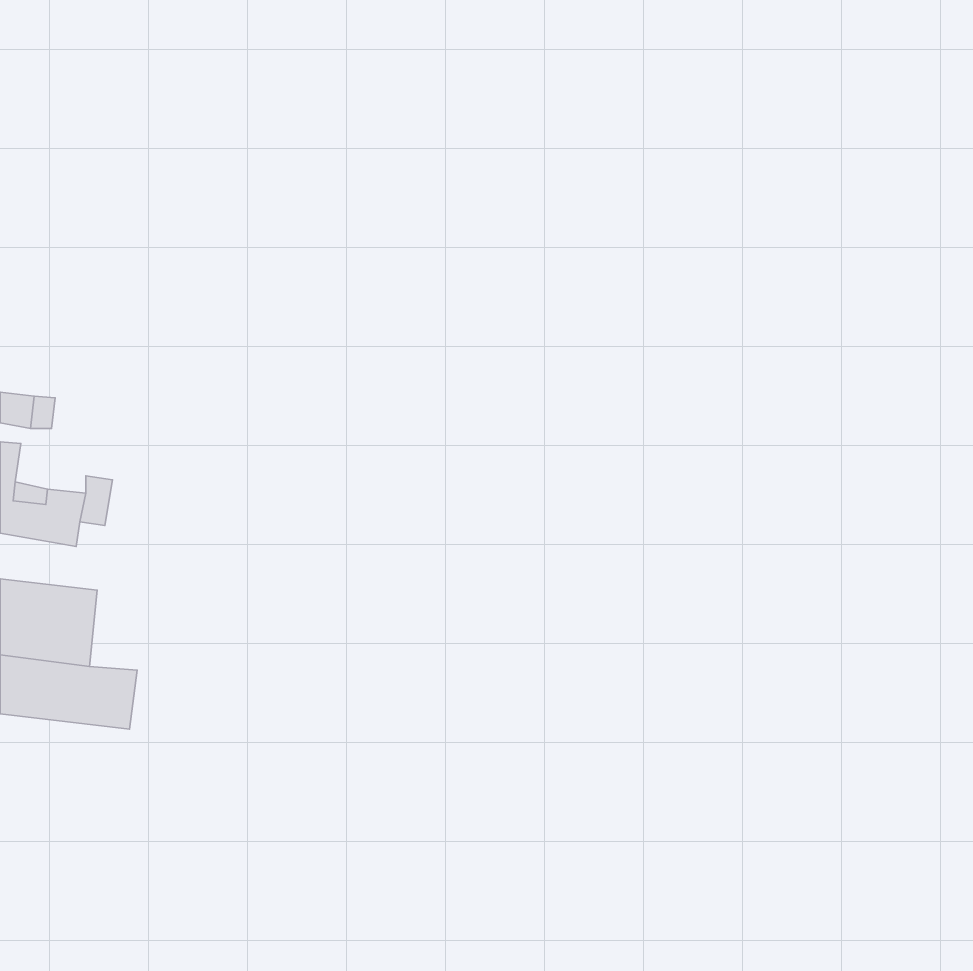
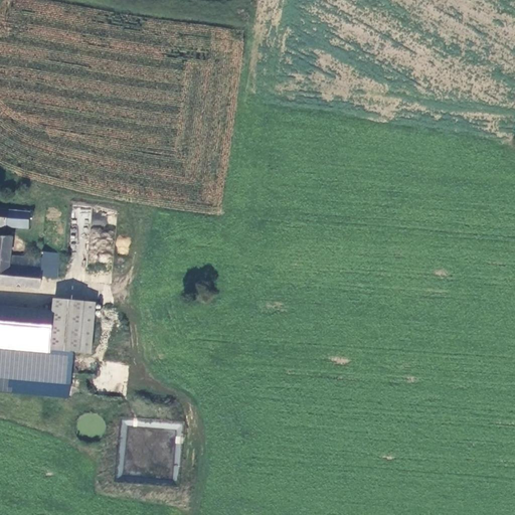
building: none -> [47,300,95,357]

